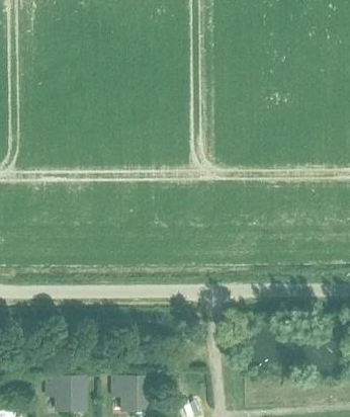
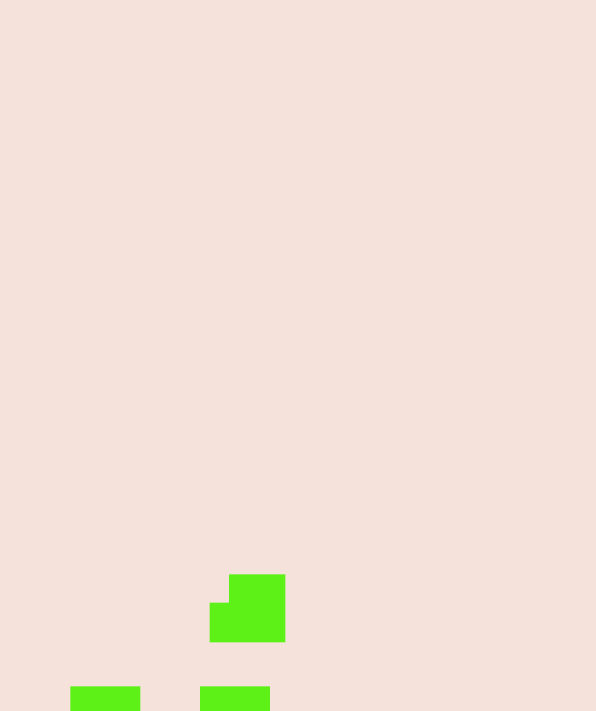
building: none -> [209,573,286,643]

